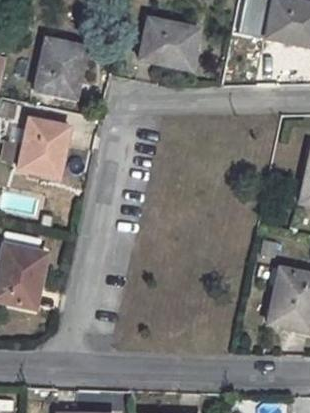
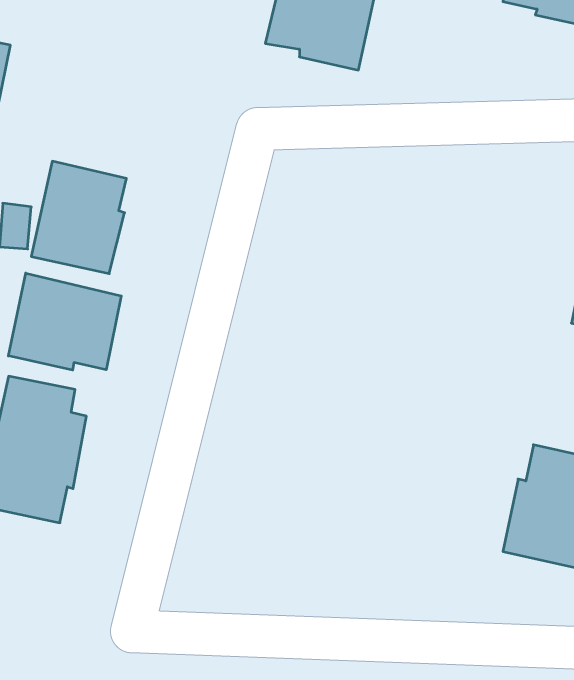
building: [36,38,88,97] -> none
building: none -> [8,273,121,370]

